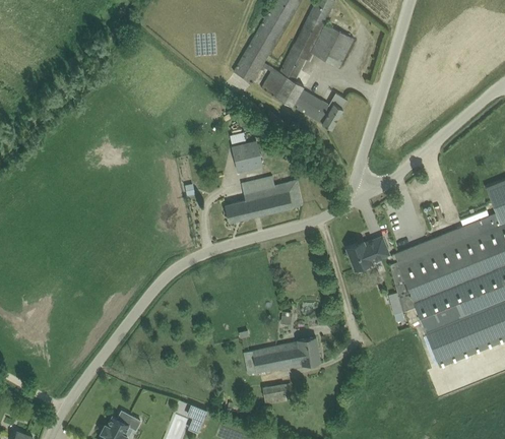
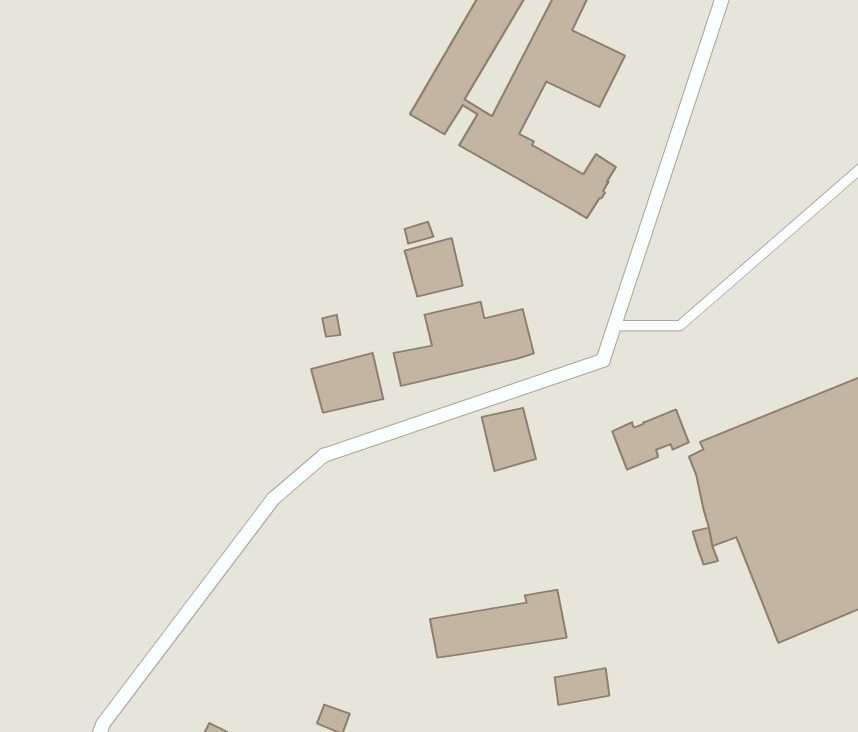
building: none -> [311,353,383,413]
building: none -> [482,408,536,471]
building: [263,381,294,401] -> [555,668,609,705]

